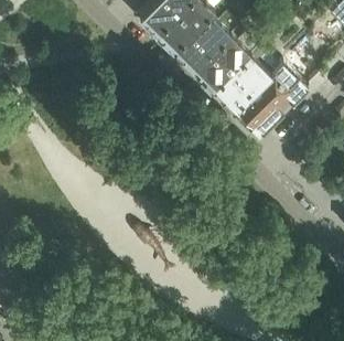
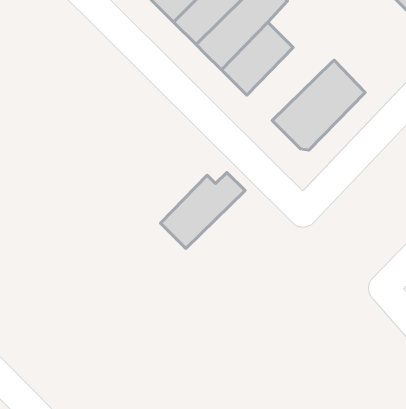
building: [213,54,279,114] -> [161,172,245,248]

